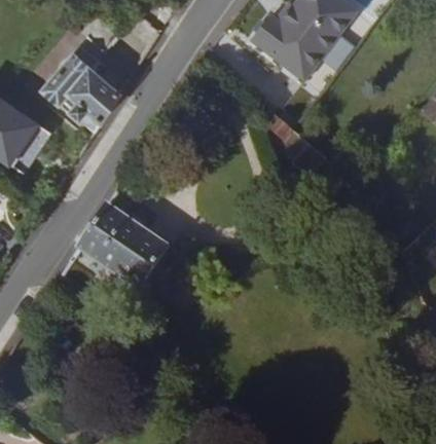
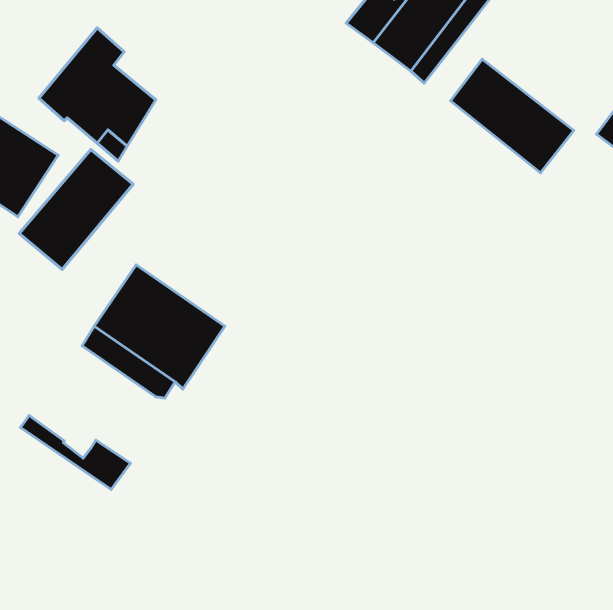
building: none -> [450,59,574,173]
building: none -> [19,149,133,270]
building: none -> [21,415,131,490]

